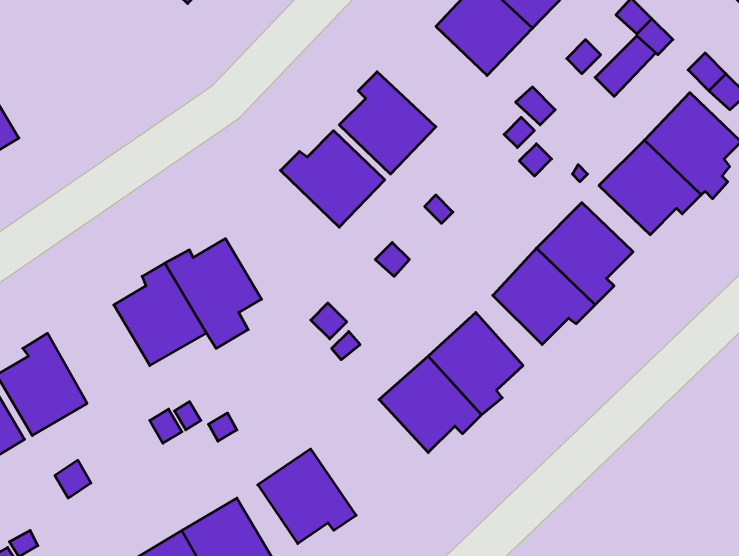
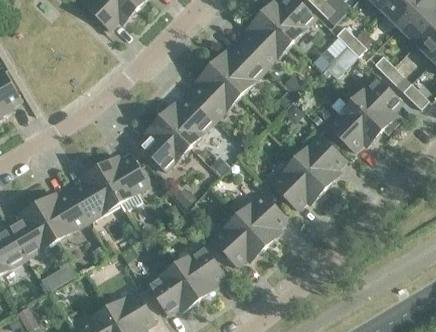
building: none -> [210,44,265,94]
building: none -> [139,117,190,171]
building: none -> [36,190,87,240]
building: none -> [175,245,224,299]

